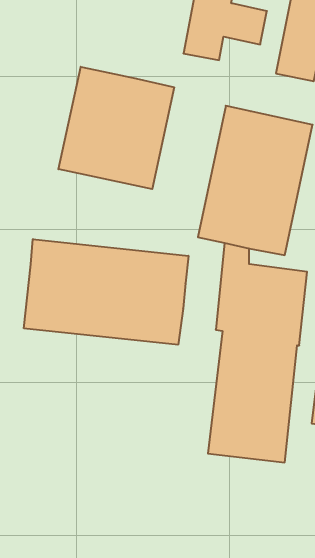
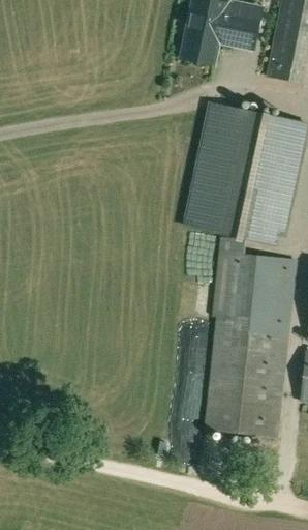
building: [58,67,174,189] -> none
building: [24,239,188,345] -> none

